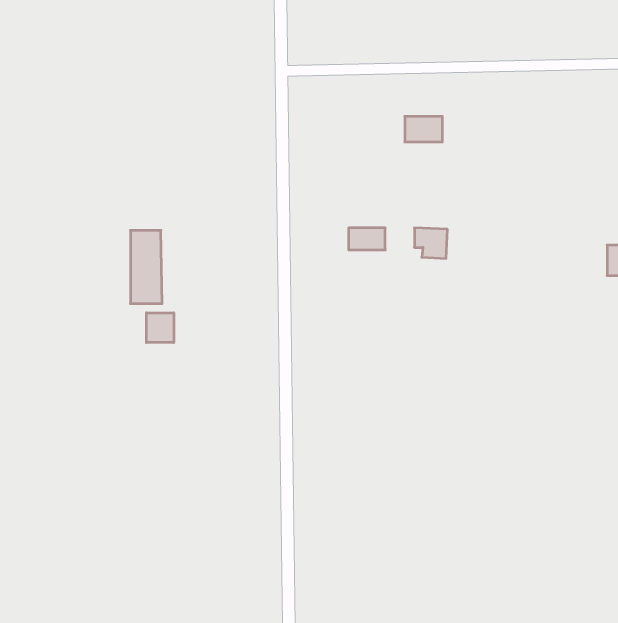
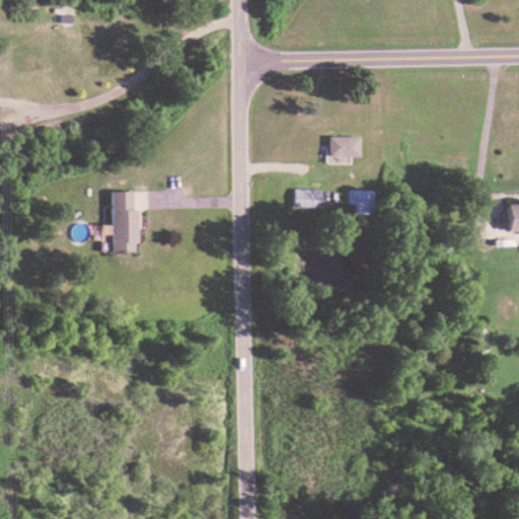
building: [405,116,442,142] -> [329,136,361,157]
building: [146,313,174,343] -> none

